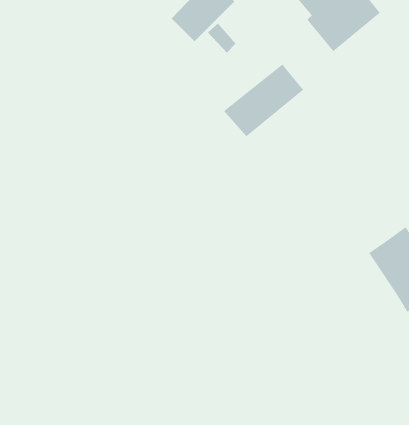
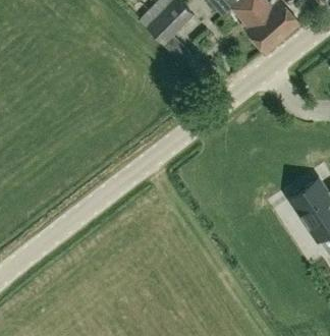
building: [223,63,304,137] -> none

